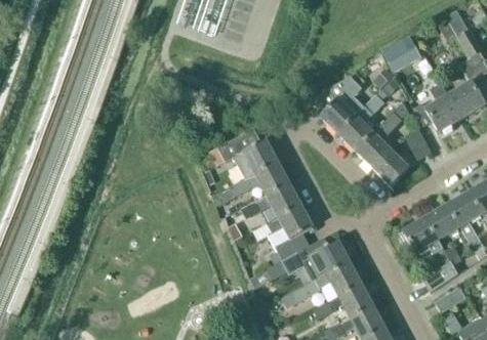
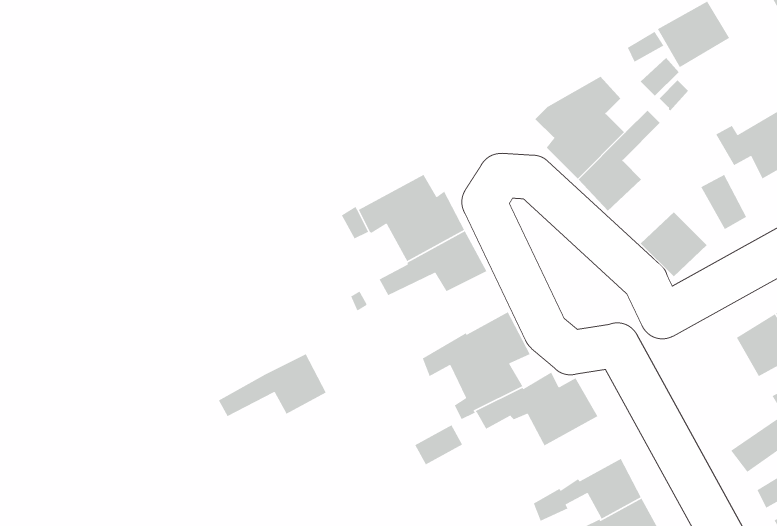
building: [355,101,409,166] -> none
building: [241,181,300,216] -> [218,353,327,417]
building: [403,217,442,253] -> none
building: [290,260,362,301] -> none

